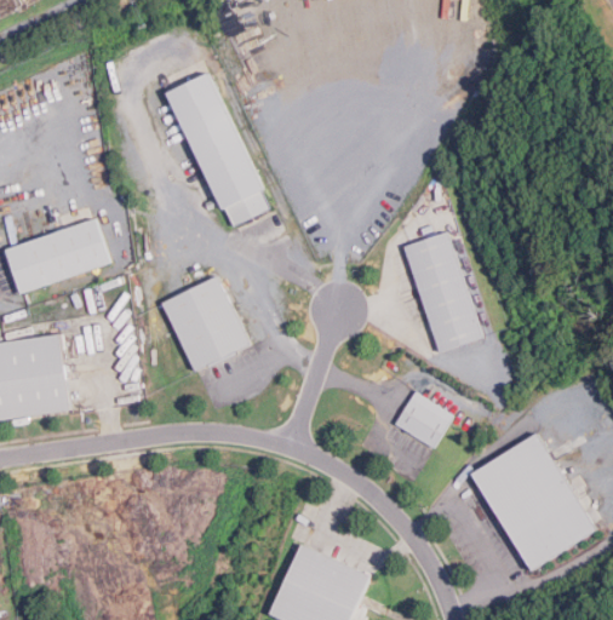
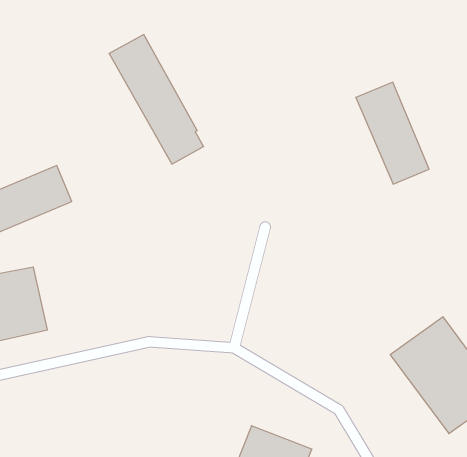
building: [401,234,481,354] -> [356,82,429,184]
building: [162,277,248,372] -> none
building: [391,392,451,449] -> none

